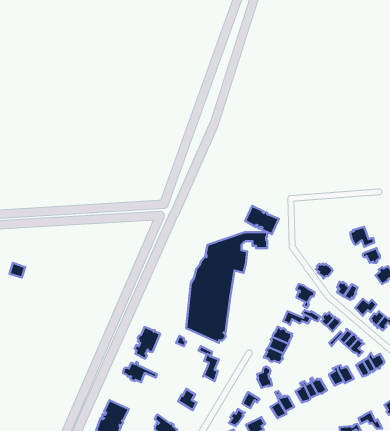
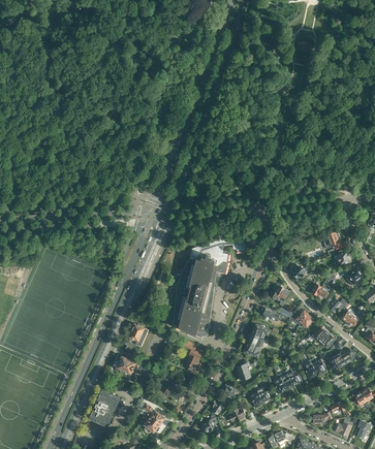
building: [245,206,279,234] -> none

